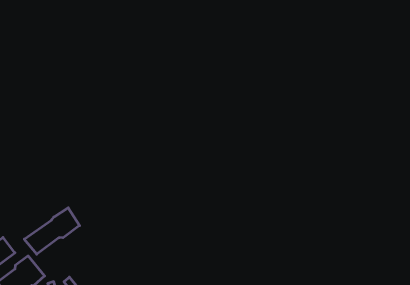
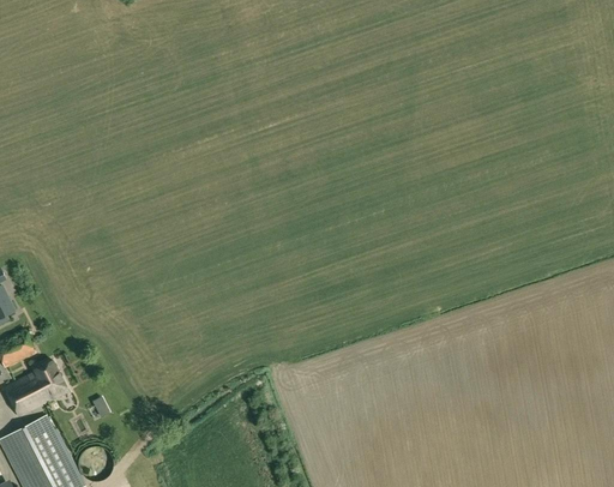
building: [24,208,80,254] -> none

